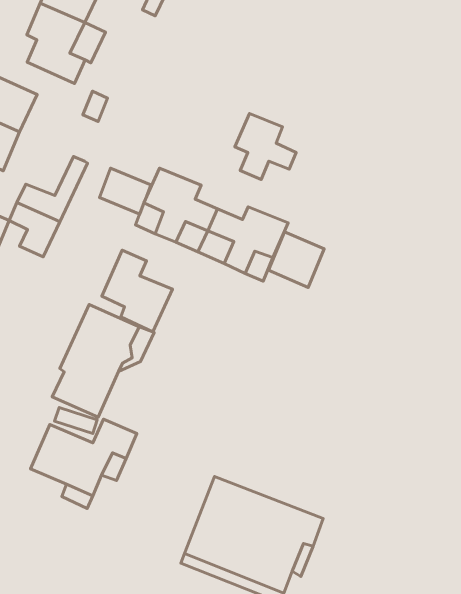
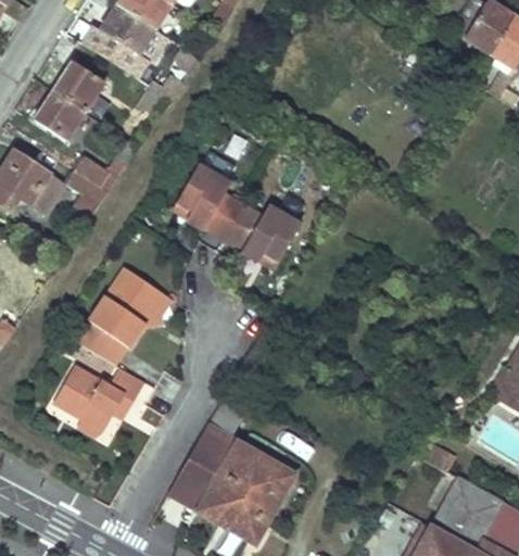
building: [235,113,296,179] -> none
building: [99,168,151,214] -> none
building: [269,232,324,287] -> none
building: [102,250,173,332] -> none

